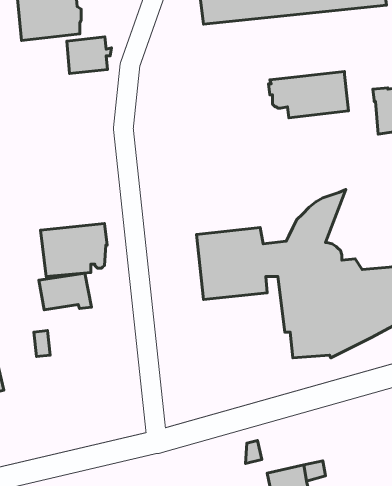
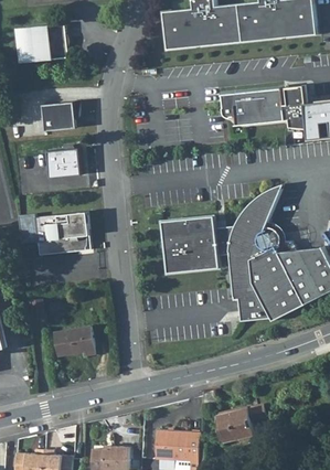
building: [67,37,112,74] -> [42,102,78,131]
building: none -> [285,86,306,114]
building: none -> [46,146,79,179]
building: [39,273,92,310] -> [52,327,95,356]

